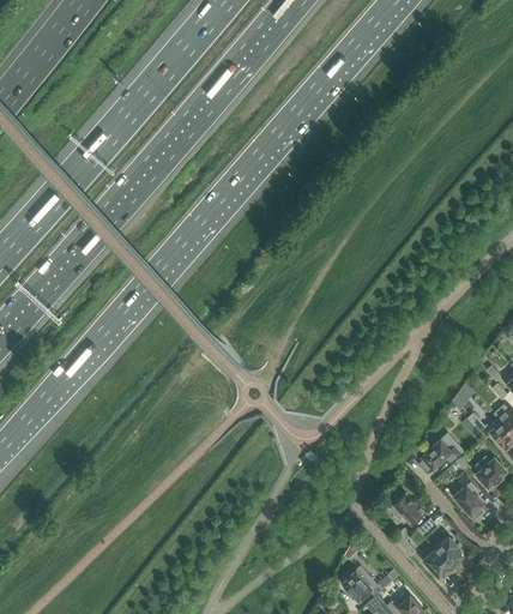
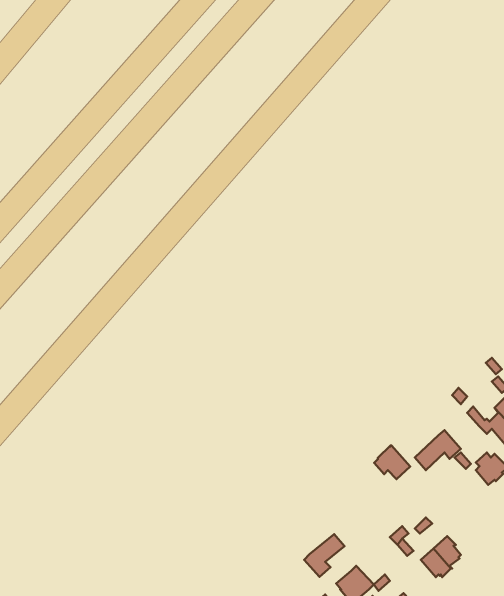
building: [454,475,487,520] -> none
building: [390,493,424,525] -> [374,445,410,479]
building: none -> [304,534,344,577]

